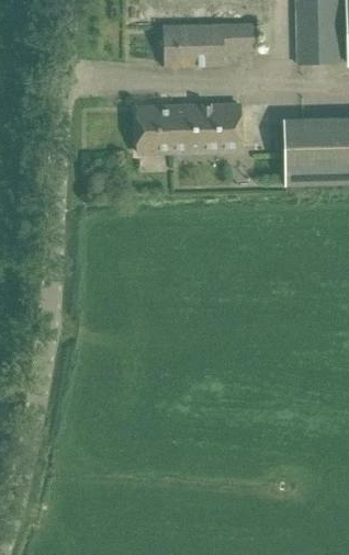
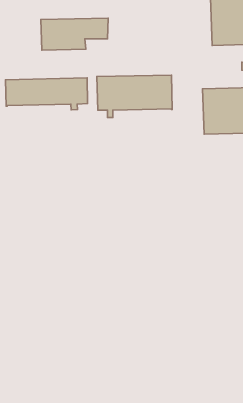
building: [162,21,255,65] -> [41,18,108,50]
building: none -> [6,78,88,110]

